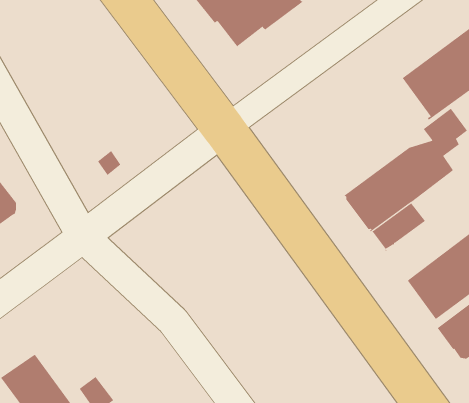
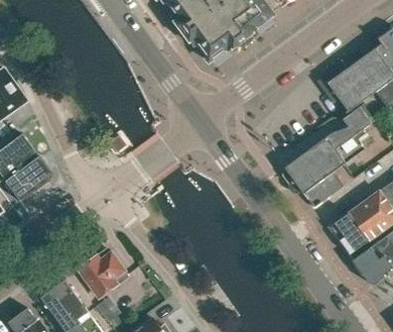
building: none -> [78,247,127,297]

